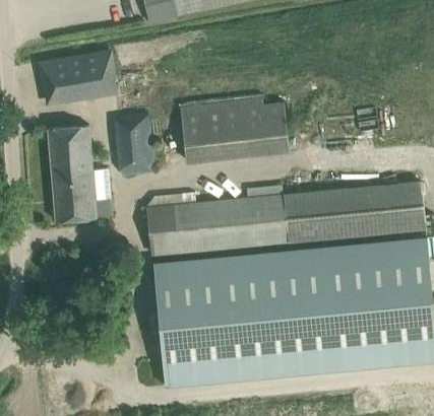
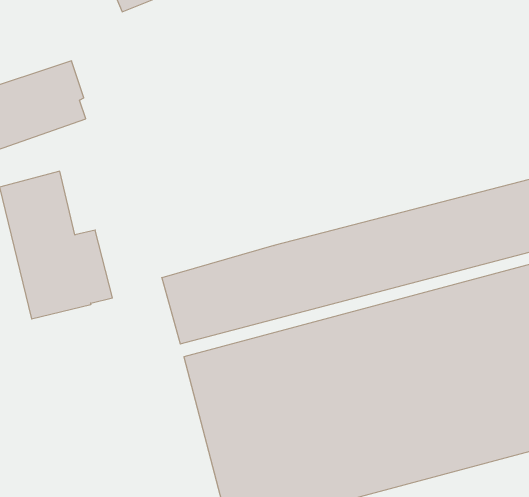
building: [178,94,288,161] -> none
building: [114,118,157,174] -> none

